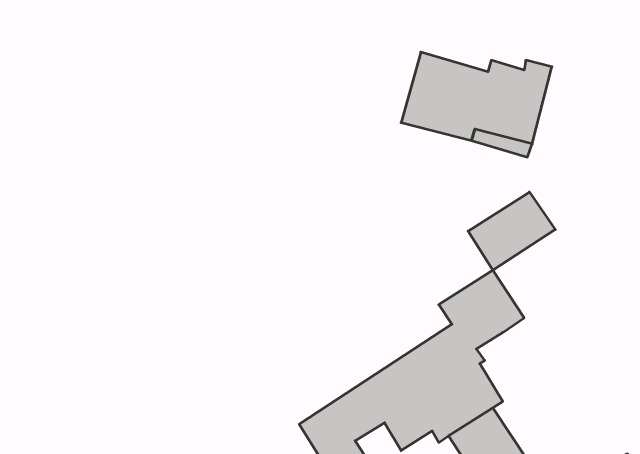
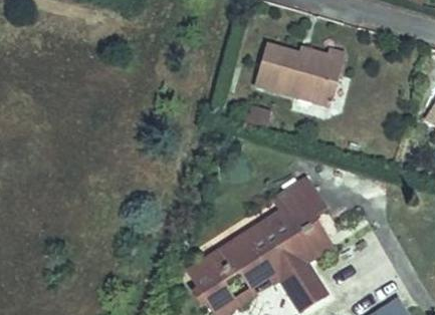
building: [468,192,555,270] -> none
building: none -> [298,215,334,257]

